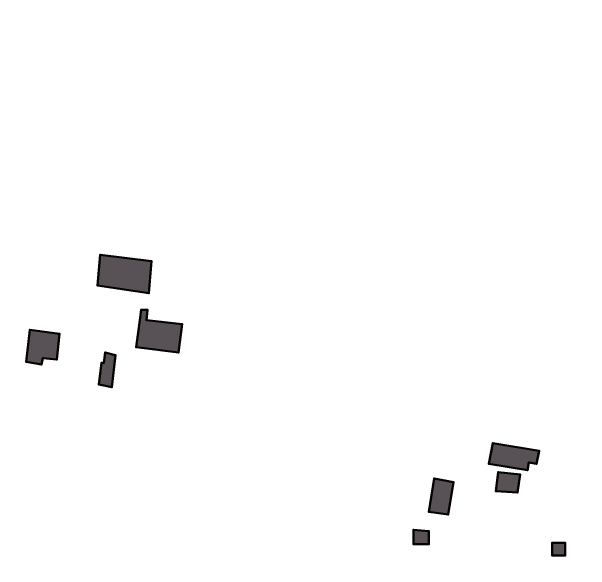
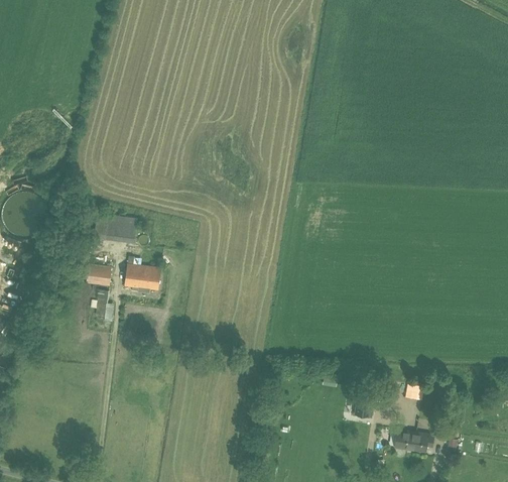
building: [26,330,59,365] -> [85,264,111,291]
building: [489,443,539,470] -> [394,431,433,452]

